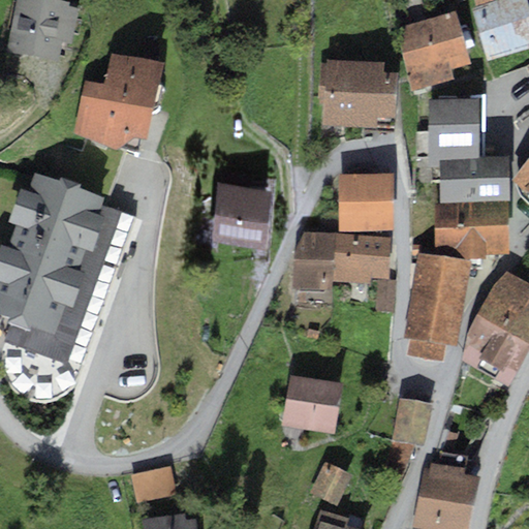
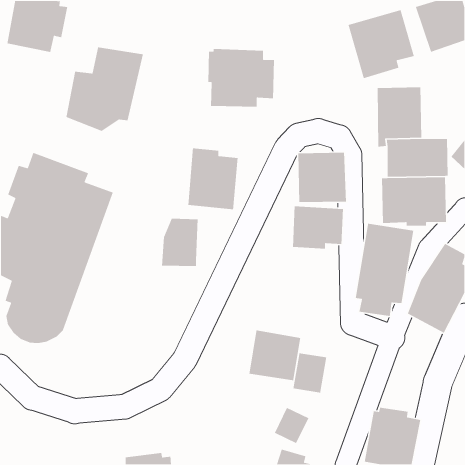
building: [319,59,396,126] -> [207,48,275,107]
building: [291,232,334,288] -> [161,218,199,267]
building: [392,399,431,445] -> [293,352,327,393]
building: [130,466,177,503] -> none

